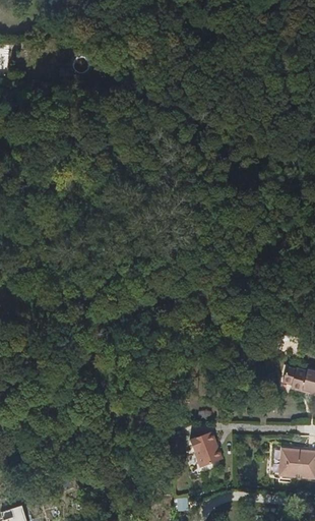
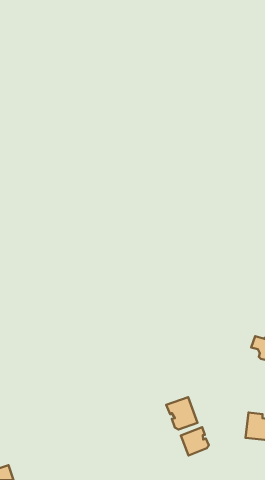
building: none -> [181,427,209,455]

